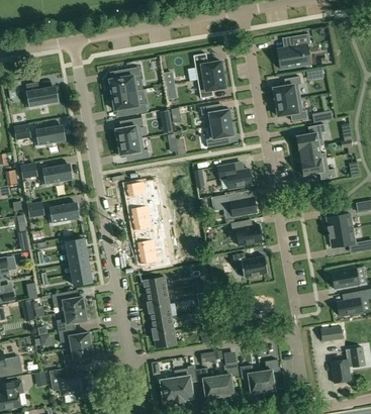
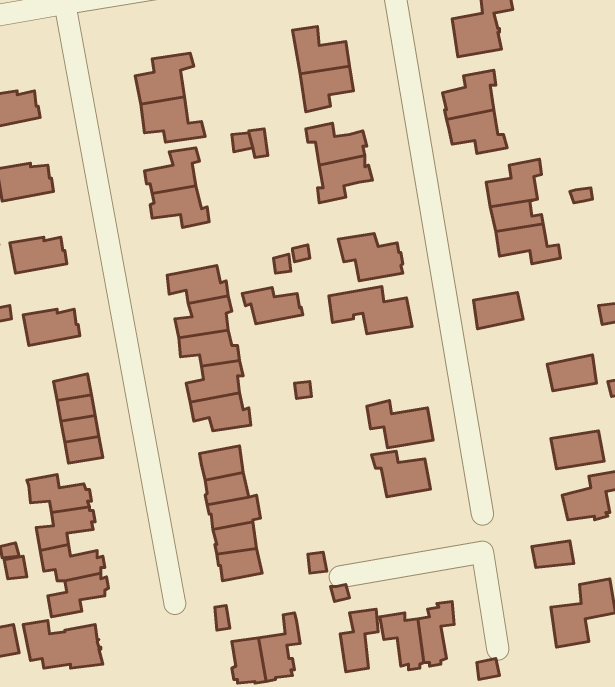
building: none -> [242,288,303,324]
building: [327,213,353,232] -> [474,293,523,329]
building: [230,220,262,244] -> [372,451,430,497]
building: [195,368,221,398] -> none

